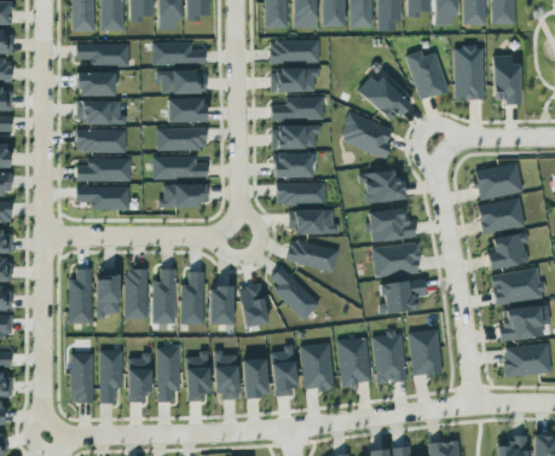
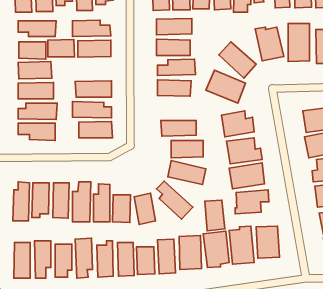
building: [168,98,206,122] -> [48,39,75,57]
building: [274,154,313,178] -> none
building: none -> [205,200,225,231]

